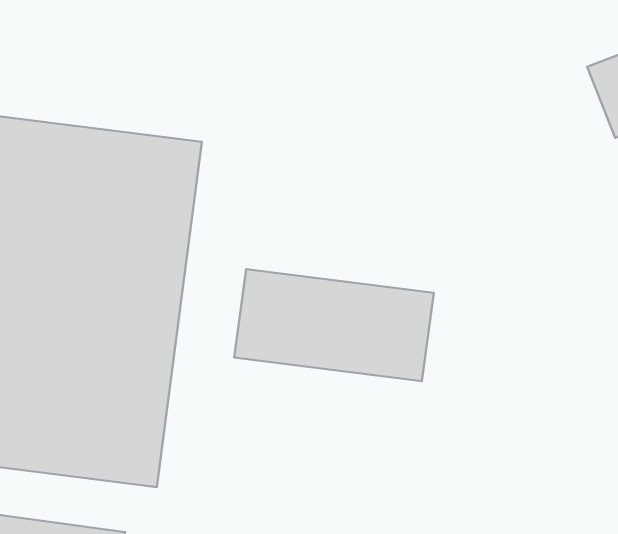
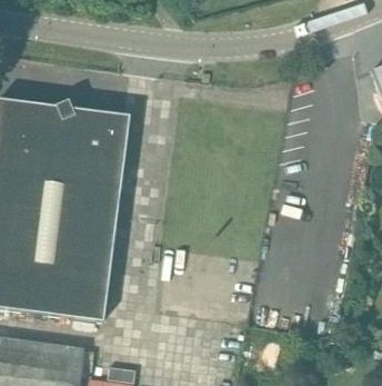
building: [234,269,434,381] -> none

